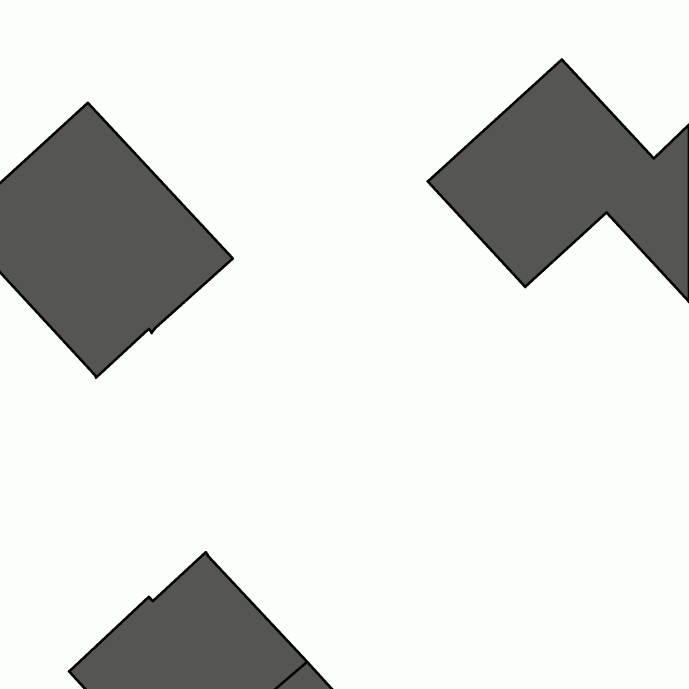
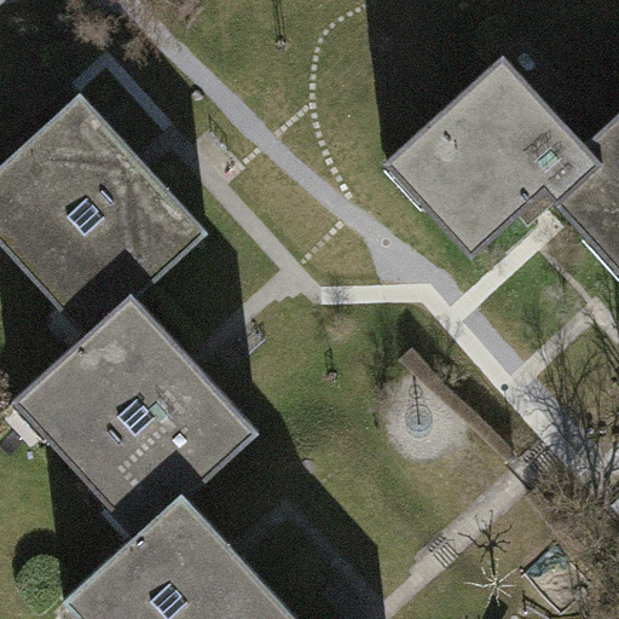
building: none -> [11,296,259,539]

